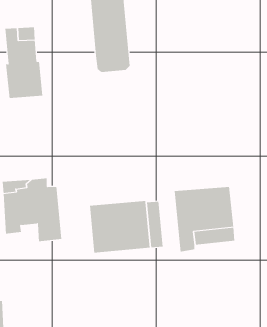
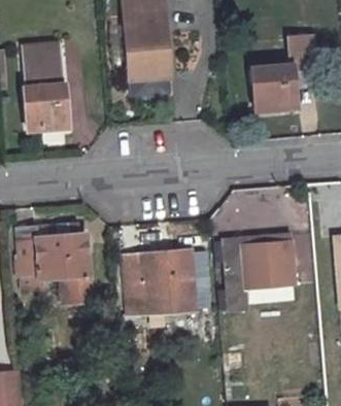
building: none -> [253,37,314,109]

